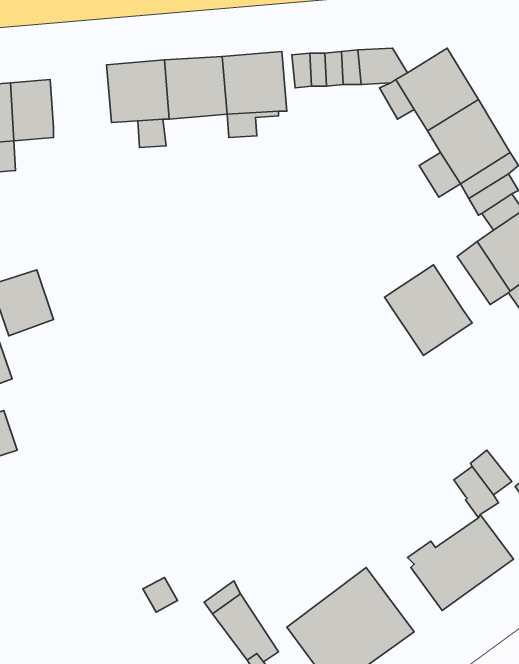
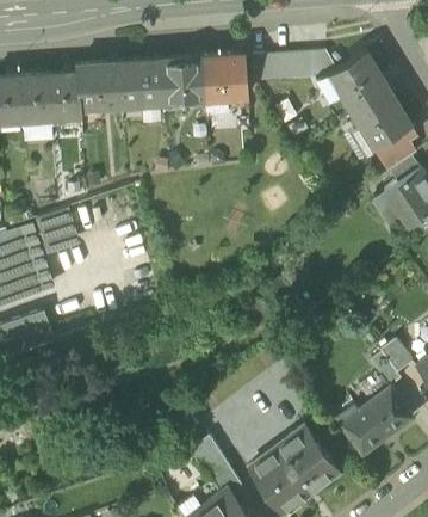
building: none -> [77,61,122,106]
building: [385,265,472,355] -> none

